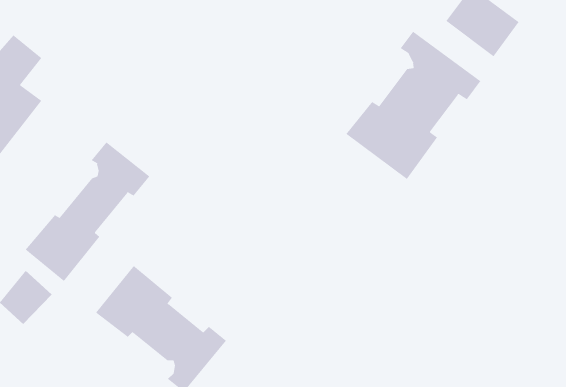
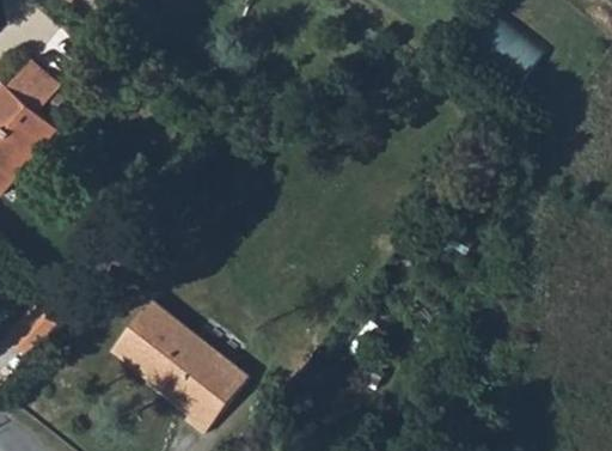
building: [346,31,481,180] -> none
building: [25,141,150,282] -> none

